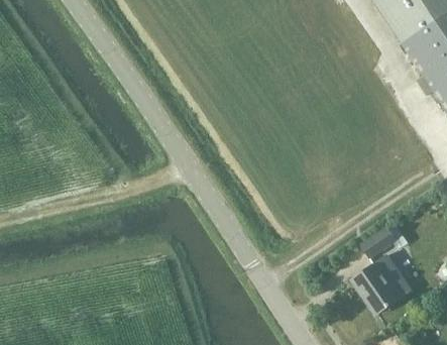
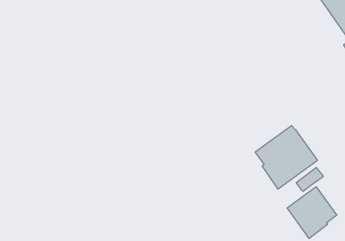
building: none -> [255,126,317,189]

